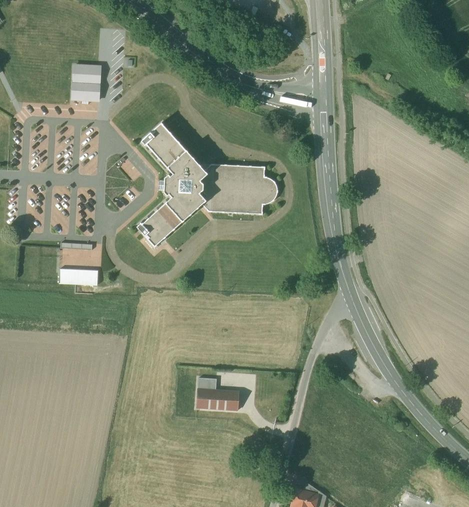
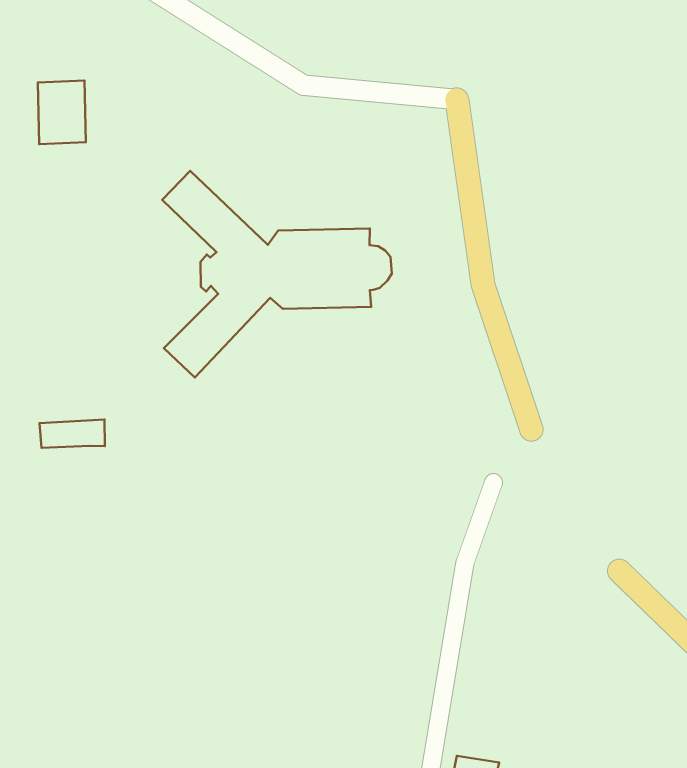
building: [198,387,240,408] -> none

